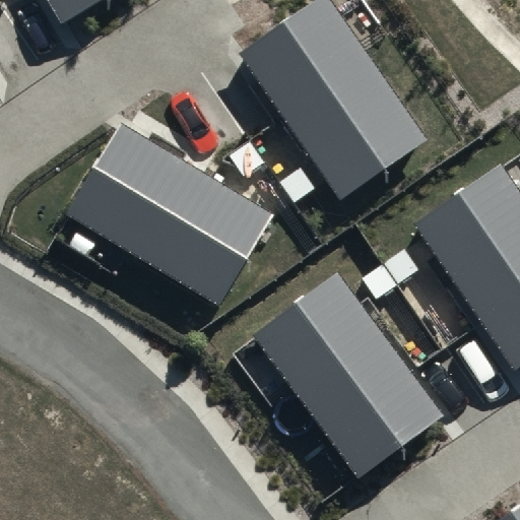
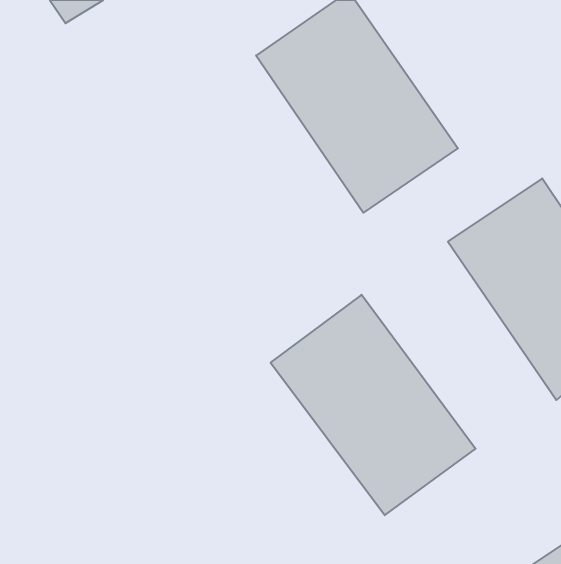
building: [67,126,271,305] -> none

